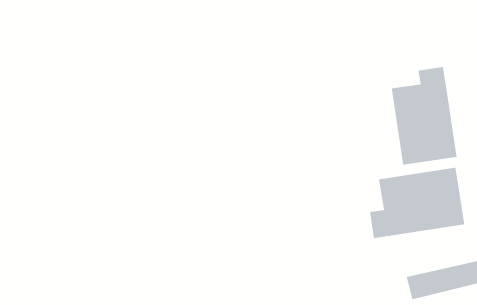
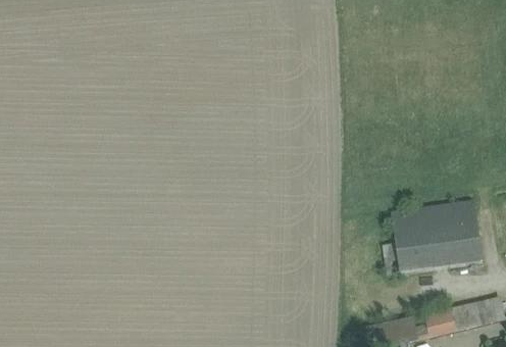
building: [391,66,457,165] -> none

